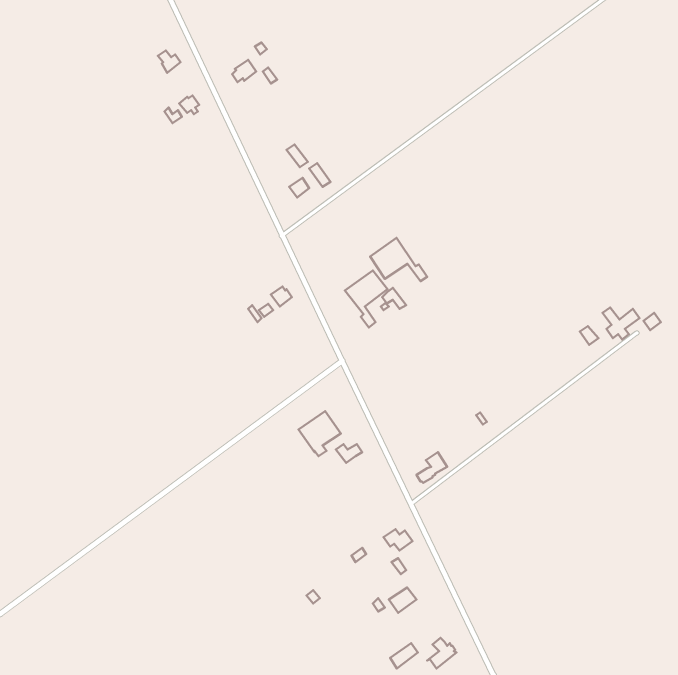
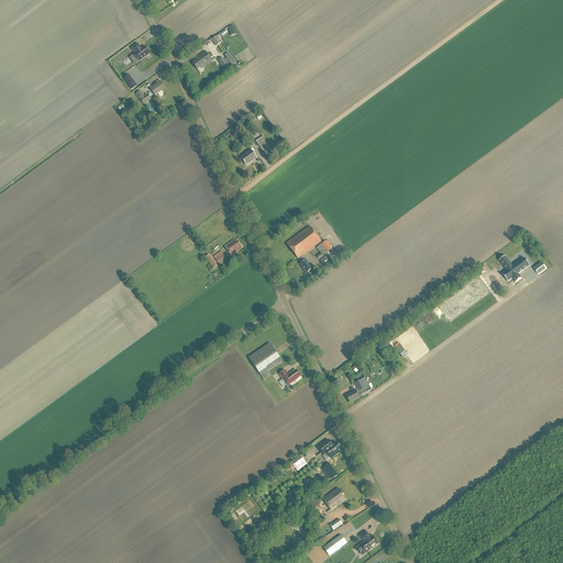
building: [370,238,427,281] -> none

